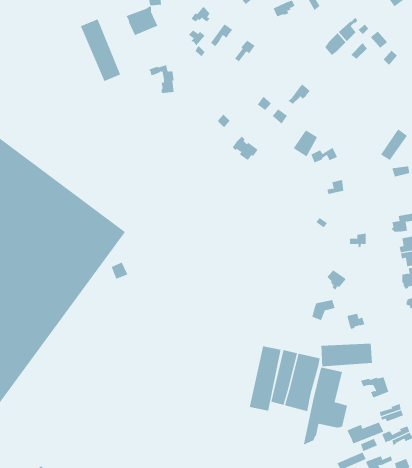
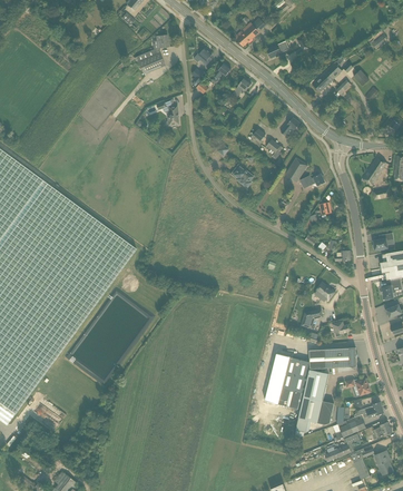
building: [80,18,121,82] -> none
building: [249,345,281,412] -> none

